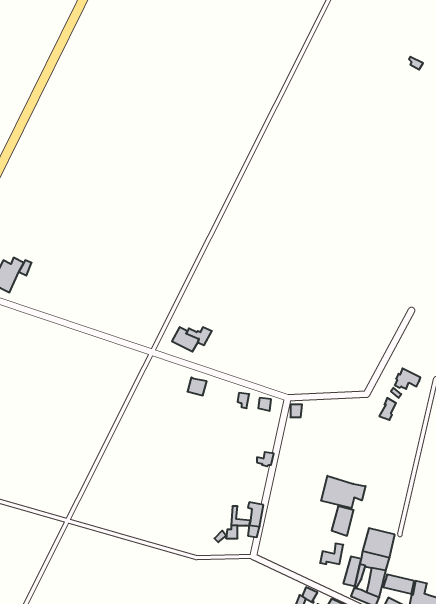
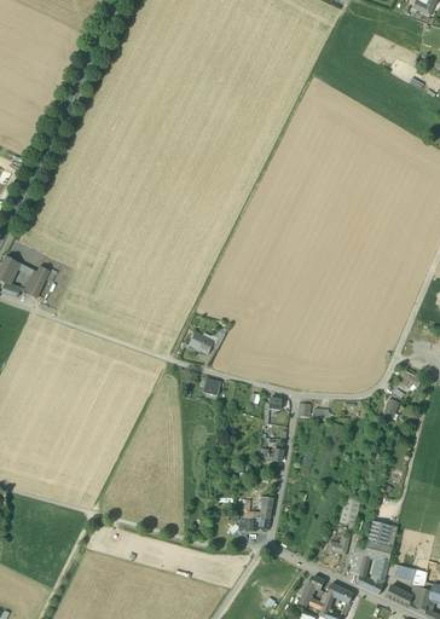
building: [321,476,366,508] -> none

